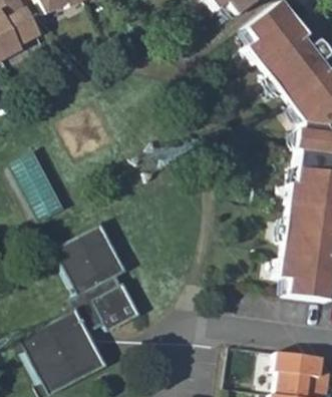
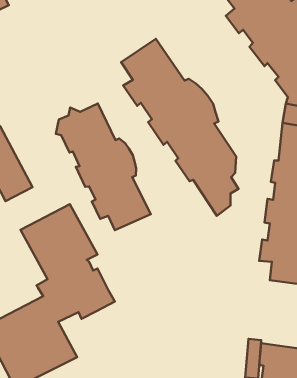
building: none -> [121,39,239,216]
building: none -> [56,103,151,230]

